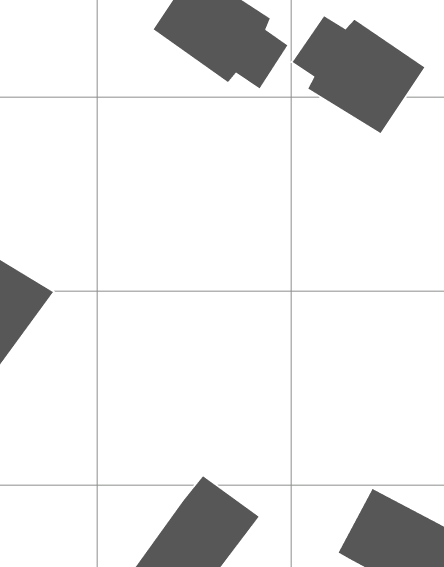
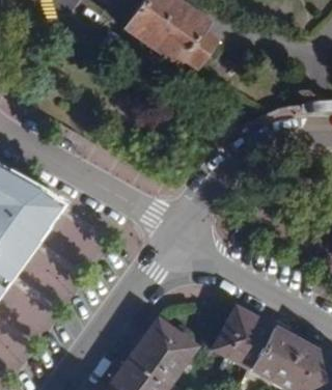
building: [292,15,425,134] -> none
building: none -> [212,308,271,370]

